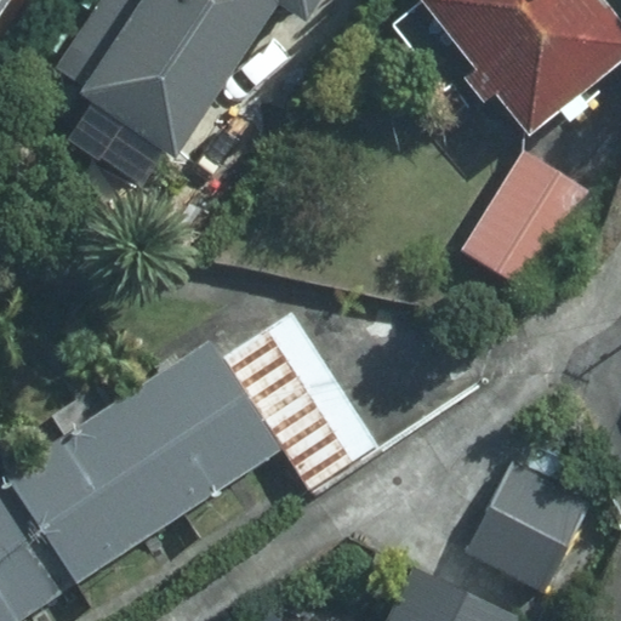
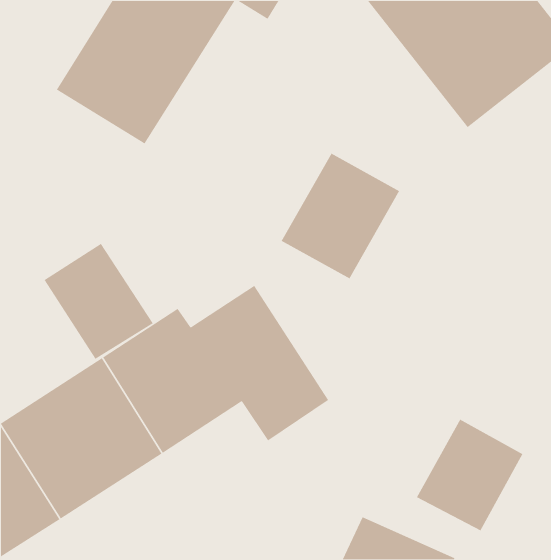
building: [463,153,596,294] -> [281,152,400,280]
building: none -> [44,243,154,360]

